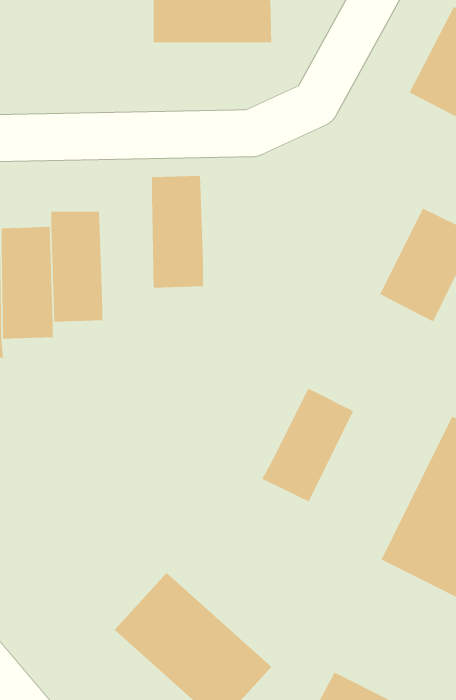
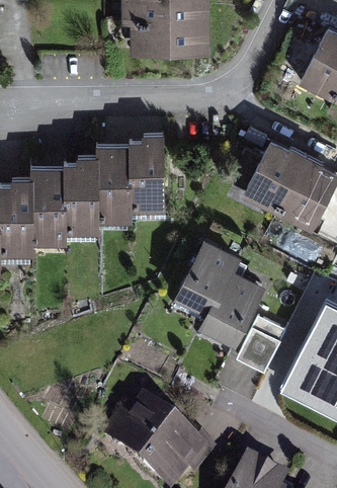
building: none -> [243,139,307,214]
building: none -> [96,149,132,223]
building: none -> [177,246,238,321]
building: none -> [237,317,285,373]

